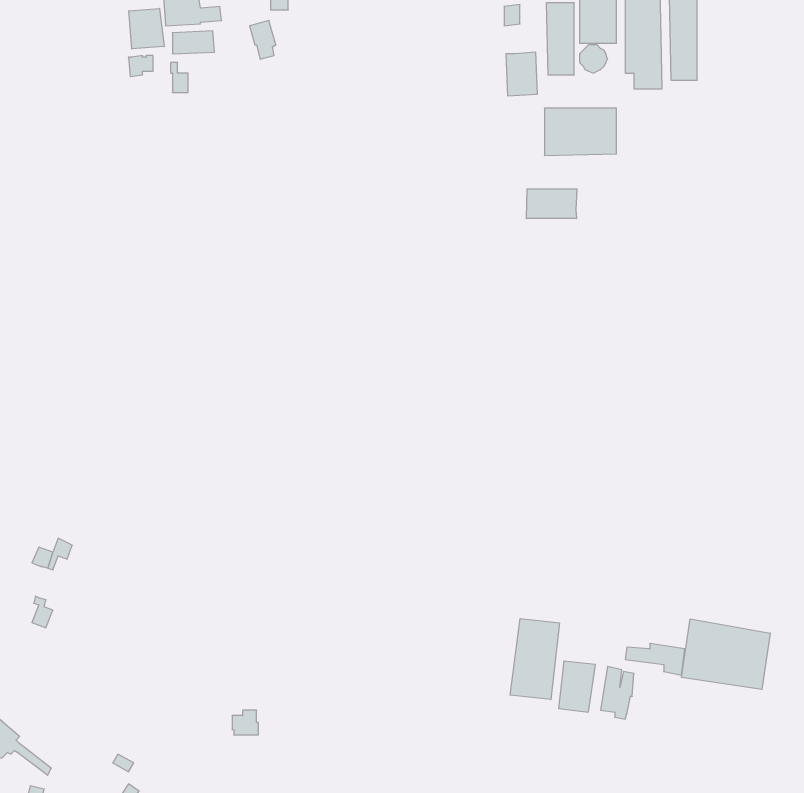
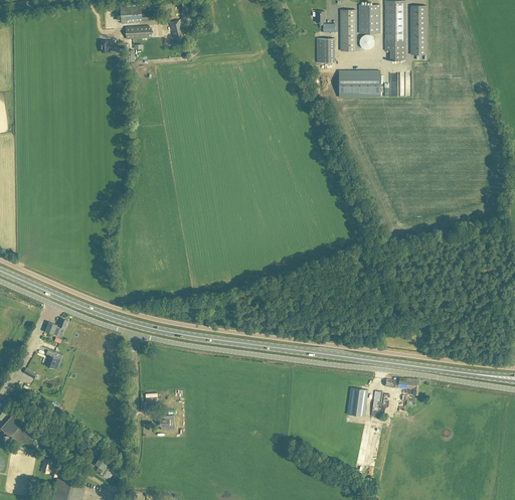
building: [129,8,164,49] -> none
building: [526,189,577,219] -> none
building: [510,619,559,700] -> none
building: [682,619,770,689] -> none

